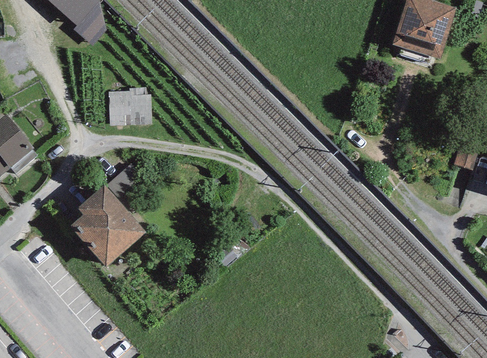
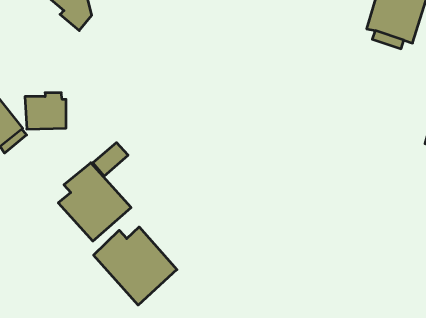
building: [107,88,150,126] -> [25,93,66,129]
building: none -> [94,227,177,305]

